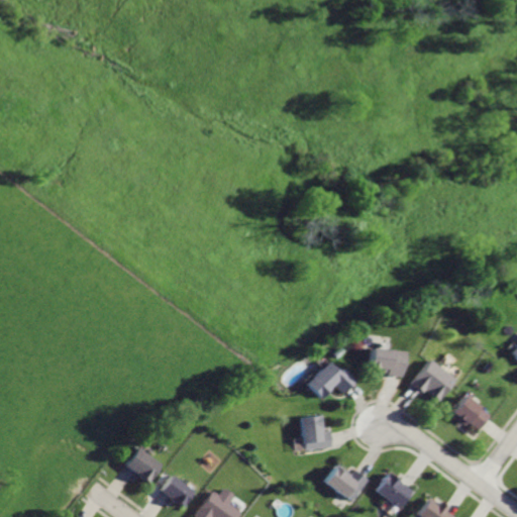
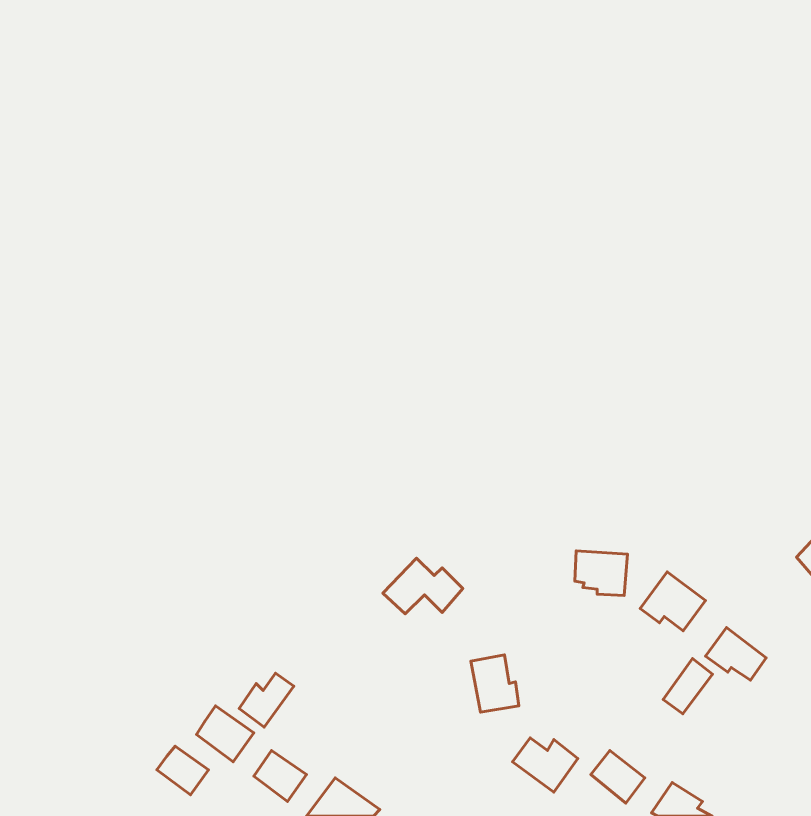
building: [305,361,355,397] -> [383,558,463,614]
building: none -> [663,658,712,714]
building: none -> [239,673,294,727]
building: none -> [157,746,209,795]

